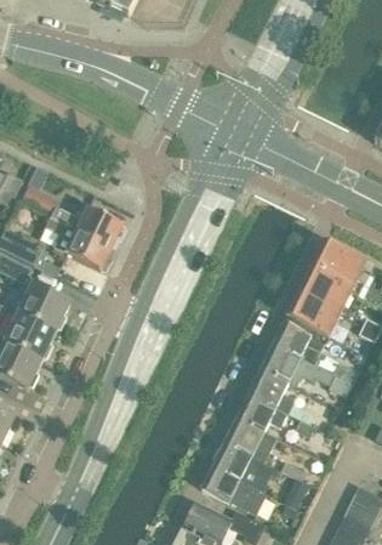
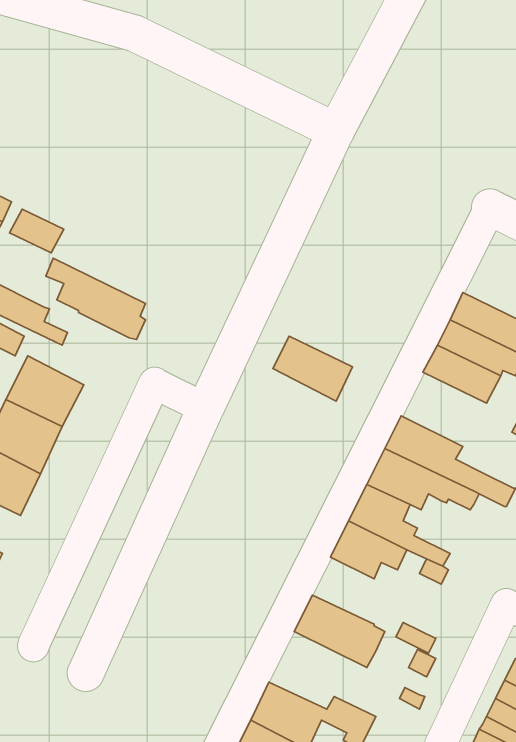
building: [50,206,127,246] -> none
building: [286,293,340,336] -> [273,336,352,401]
building: [223,416,276,461] -> none
building: [200,466,266,513] -> none

